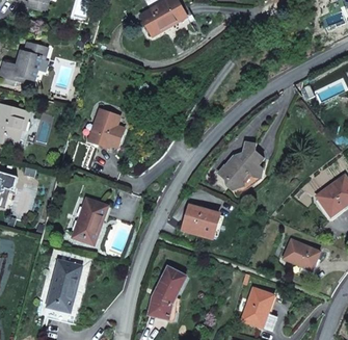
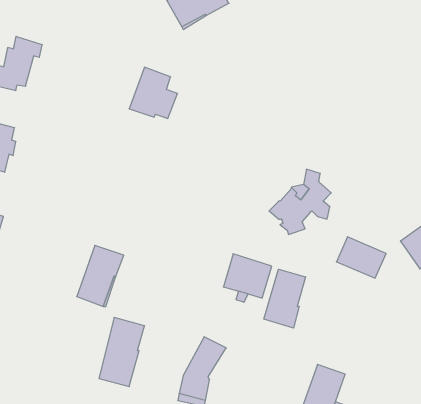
building: [88,109,125,148] -> [129,67,178,118]
building: none -> [264,269,306,328]
building: [283,239,320,270] -> [336,237,386,278]
building: [47,260,81,312] -> [99,317,145,387]

